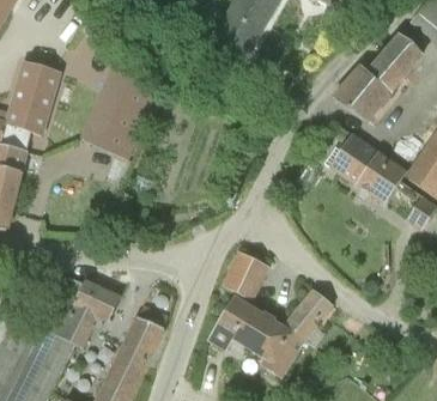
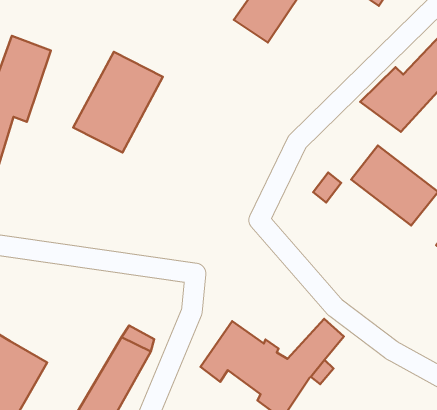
building: [221,251,268,300] -> none
building: [40,274,116,348] -> none

